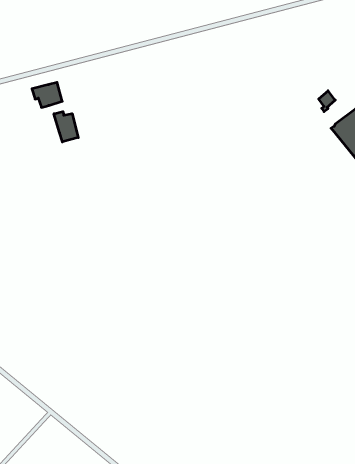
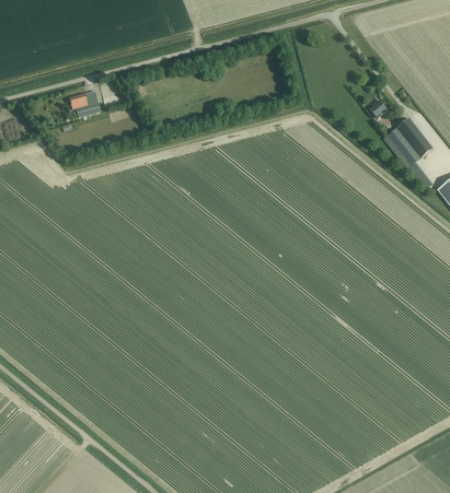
building: [54,112,78,142] -> none

